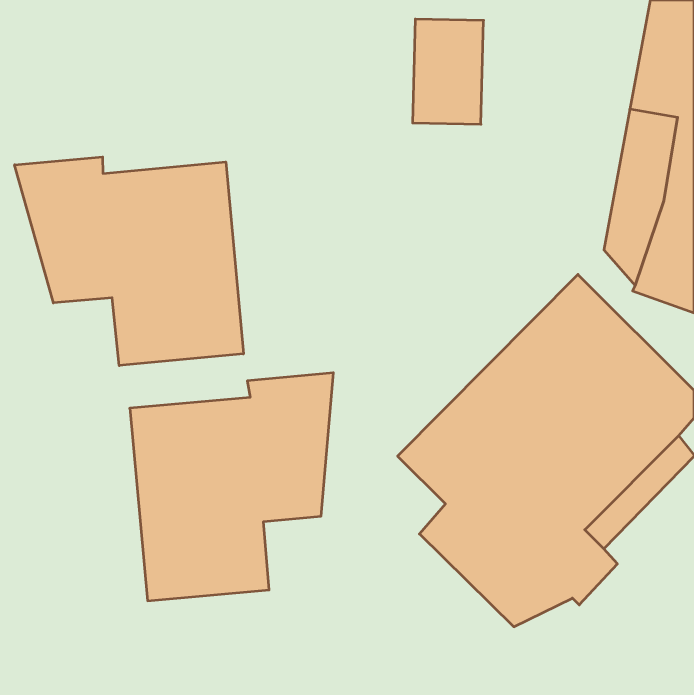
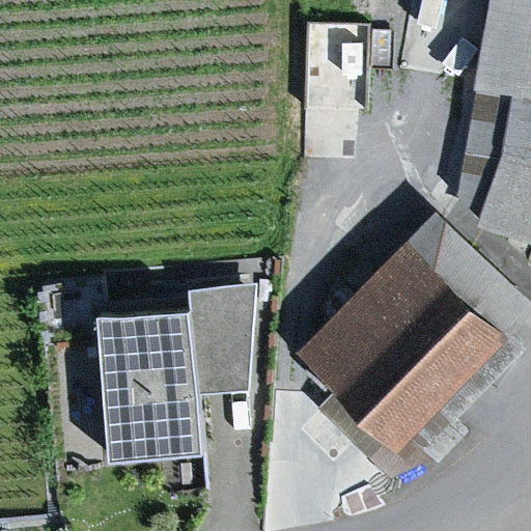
building: [15,157,243,366] -> none

